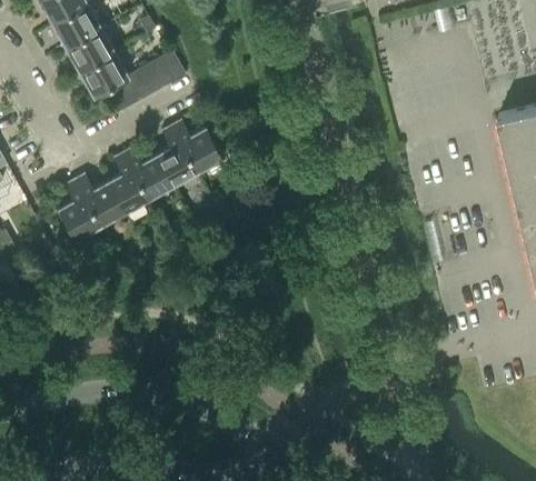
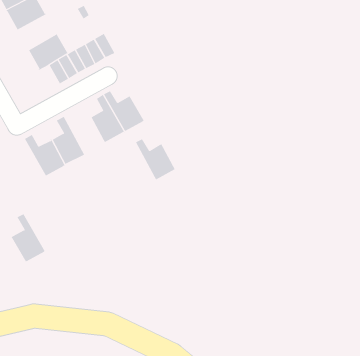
building: [66,28,116,72] -> none
building: [123,148,173,200] -> [135,139,176,181]
building: [58,180,101,240] -> [10,214,46,263]

